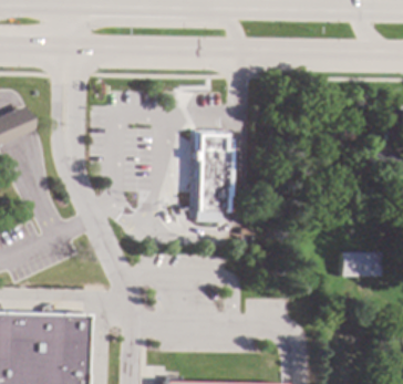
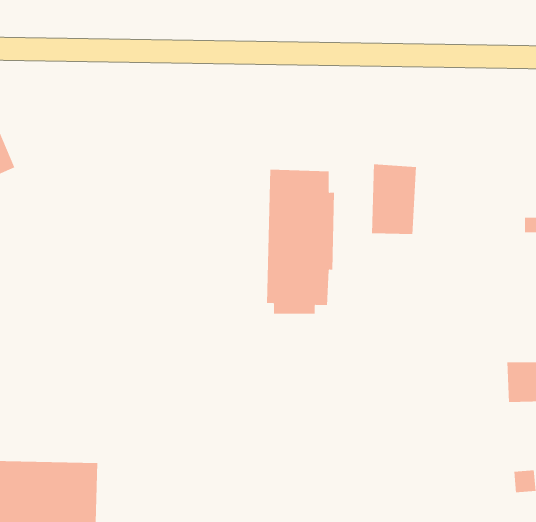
building: none -> [372,163,416,235]

